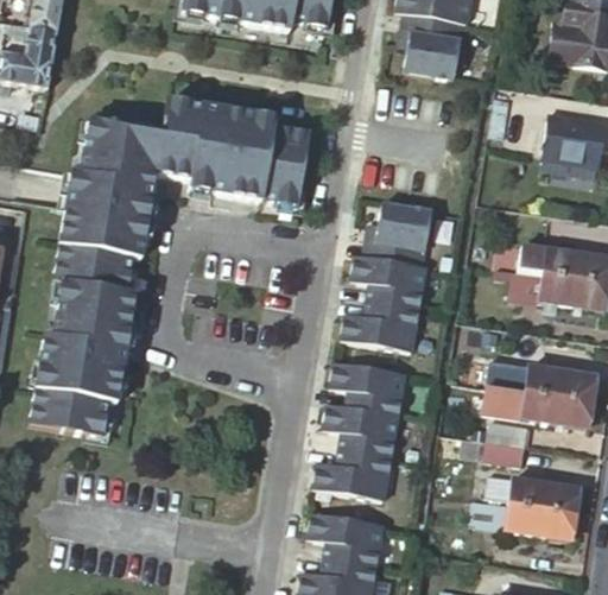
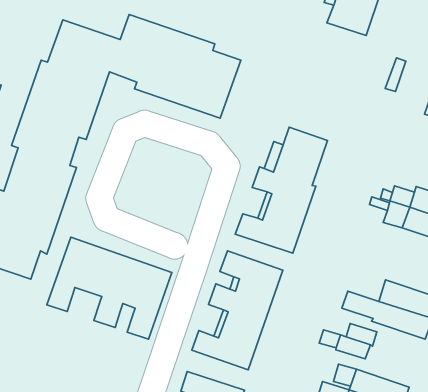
building: [486,357,528,391] -> none
building: none -> [47,237,172,339]

